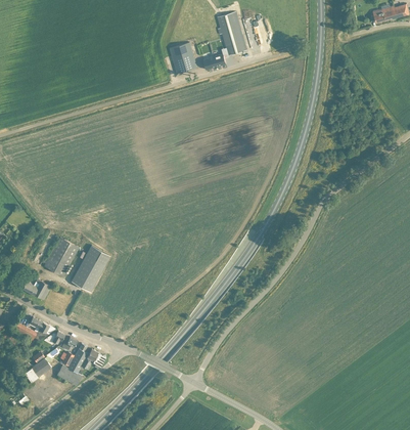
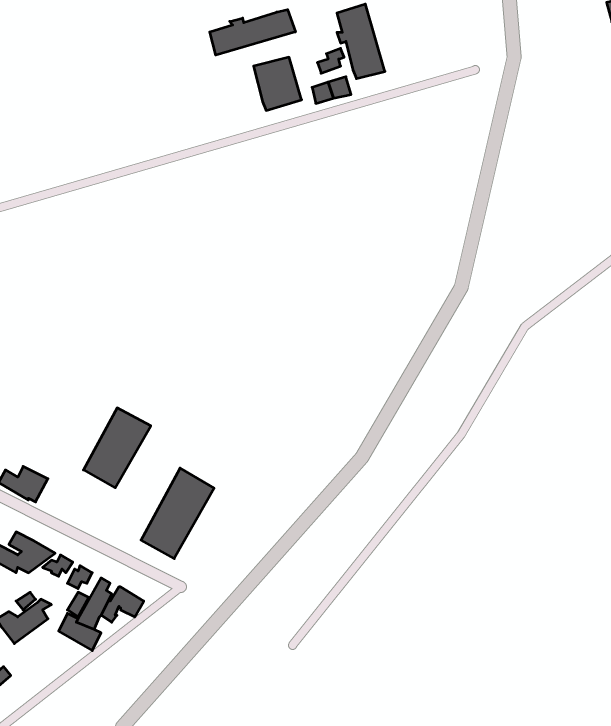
building: none -> [210,10,295,55]
building: [42,236,78,276] -> none
building: none -> [141,468,214,559]

